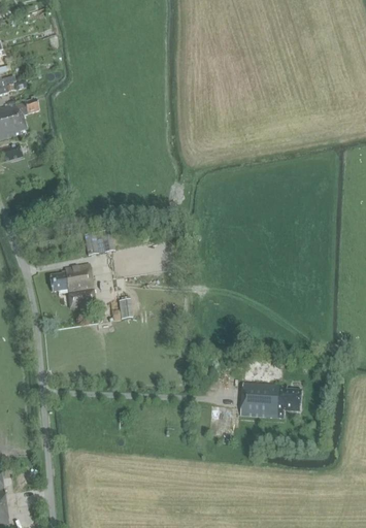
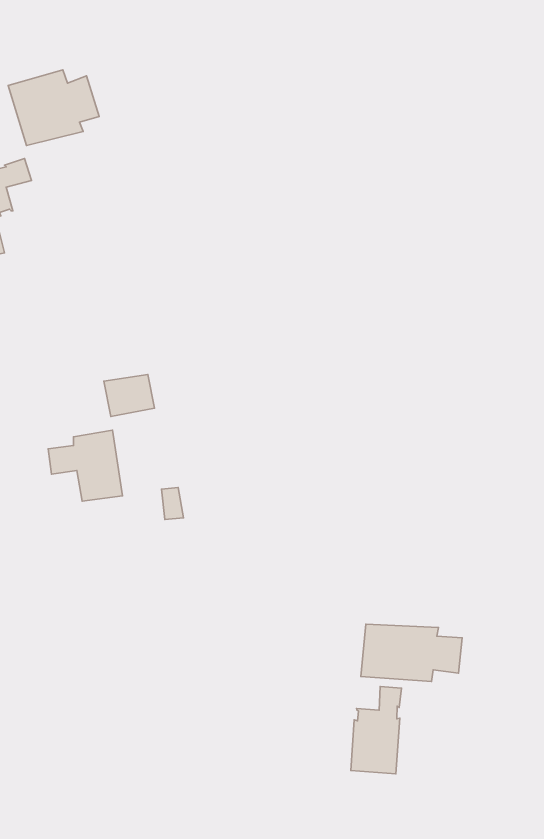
building: none -> [8,70,99,146]
building: none -> [351,686,401,774]

